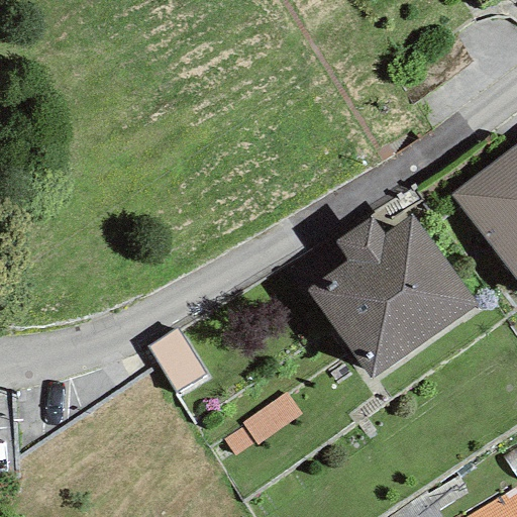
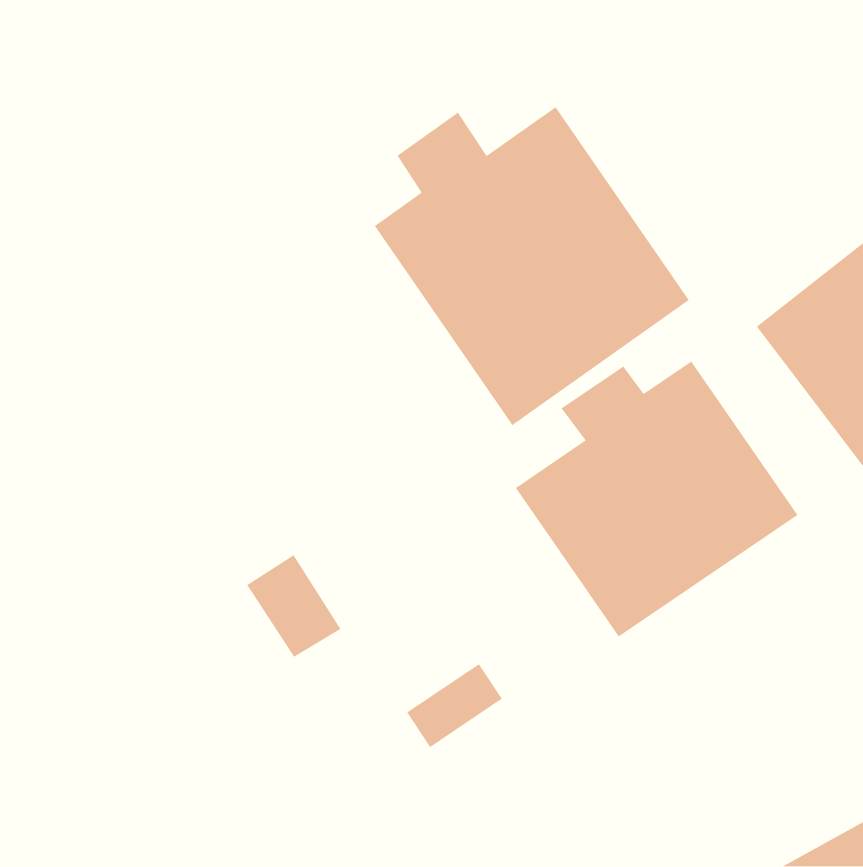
building: none -> [374,106,690,426]

